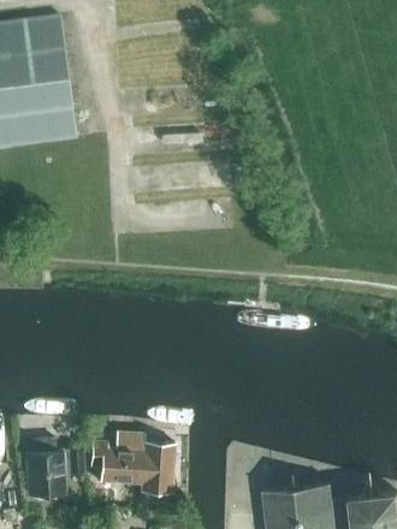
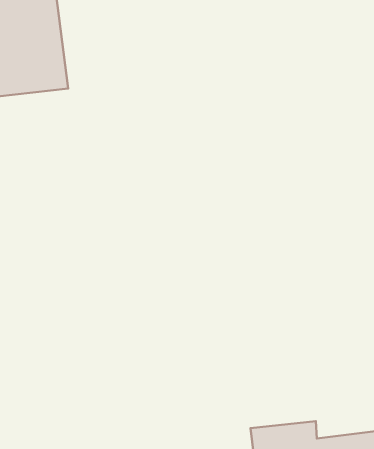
building: [26,439,83,497] -> none
building: [89,441,173,494] -> none

